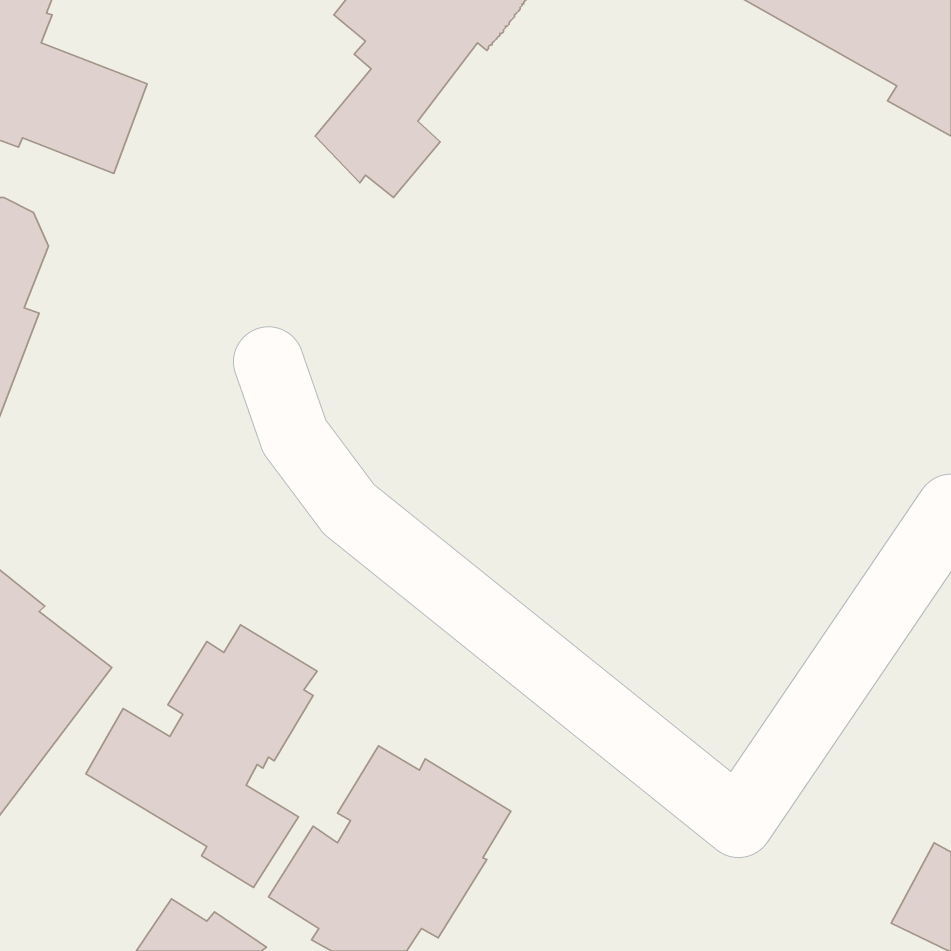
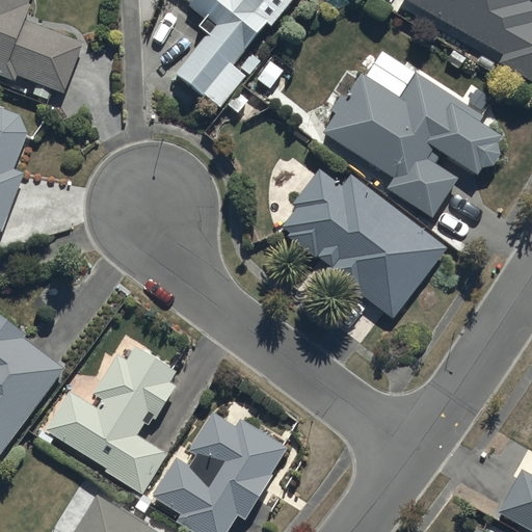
building: none -> [319,65,498,212]
building: none -> [280,163,444,311]

